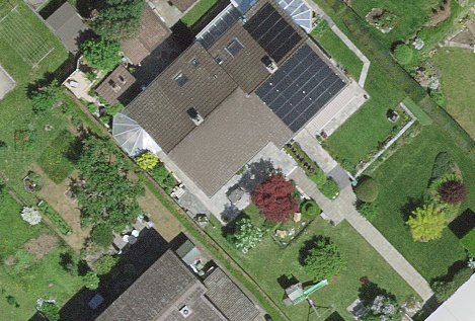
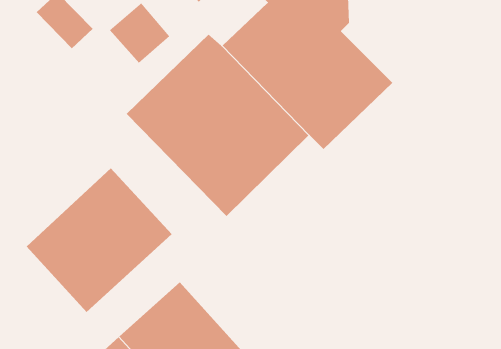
building: none -> [26,168,173,313]

